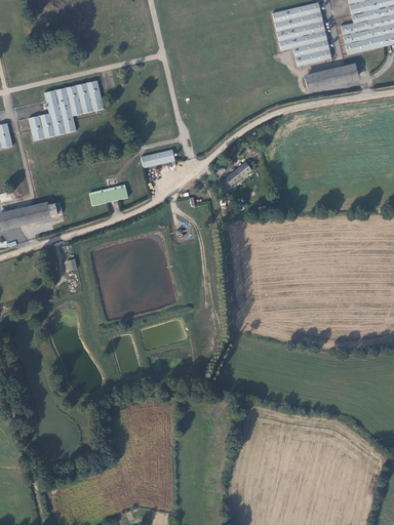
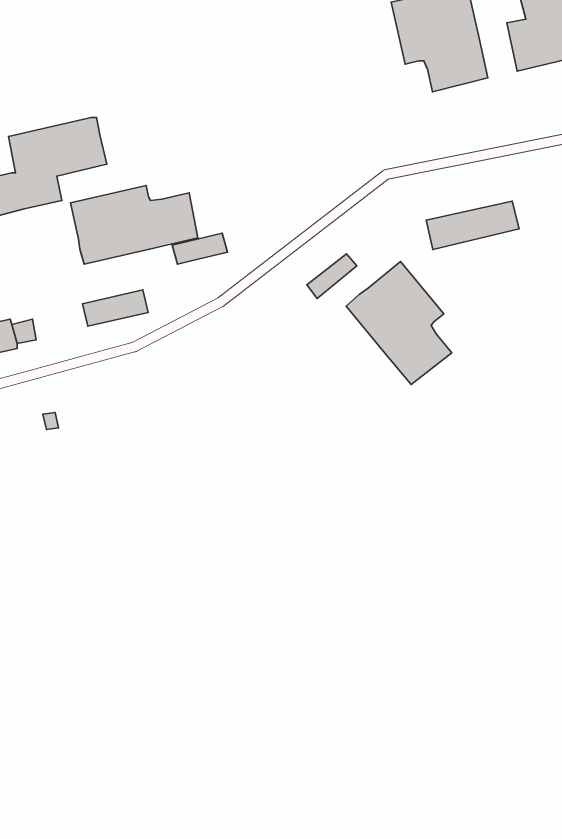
building: [304,63,359,91] -> [426,201,519,250]
building: none -> [70,185,198,264]
building: none -> [346,262,452,385]

